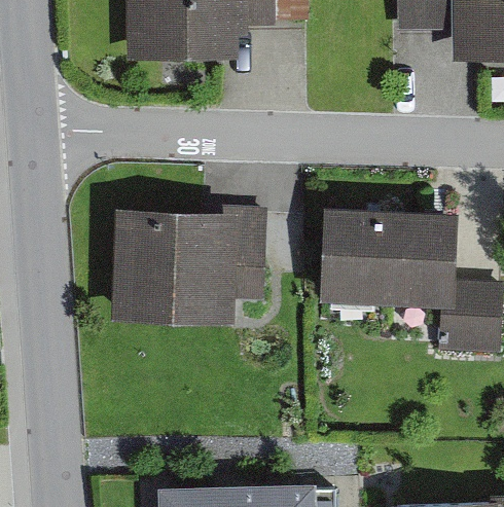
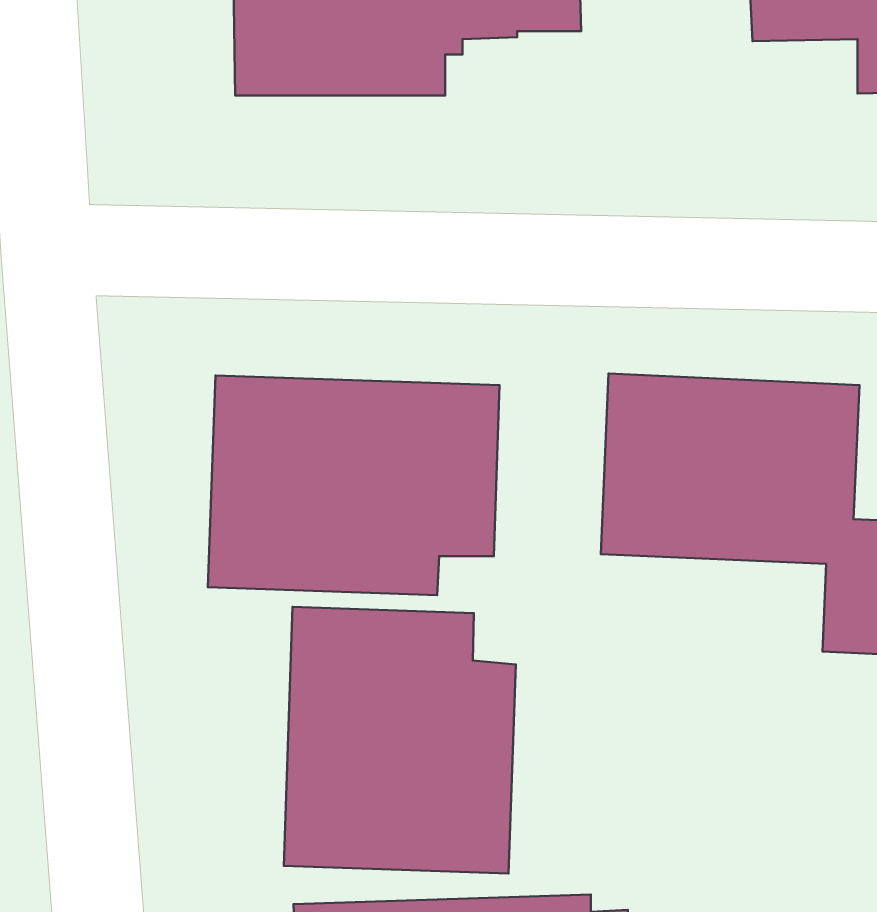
building: none -> [284,607,516,874]

